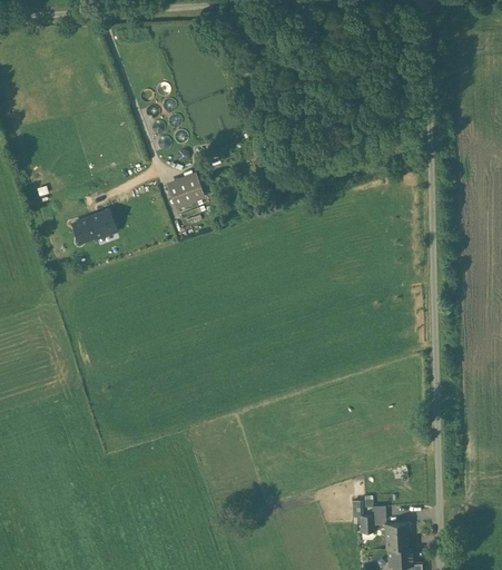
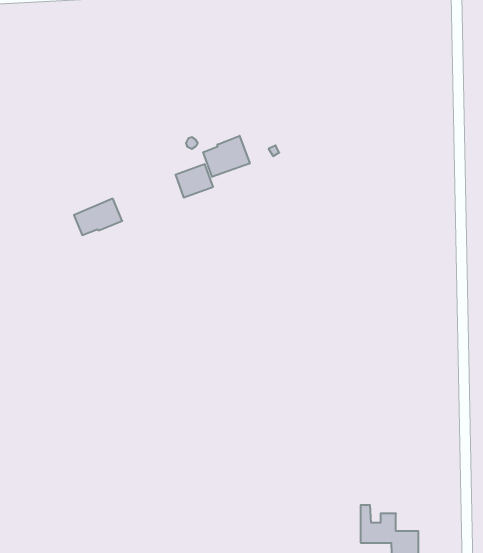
building: none -> [203,136,250,177]

